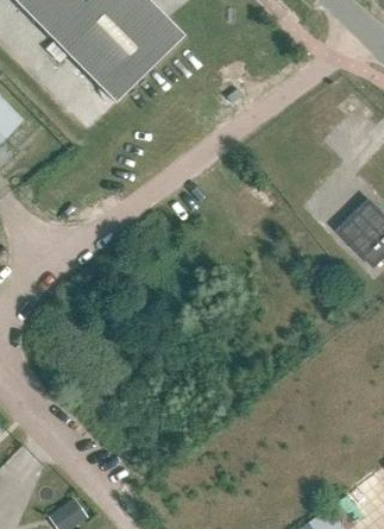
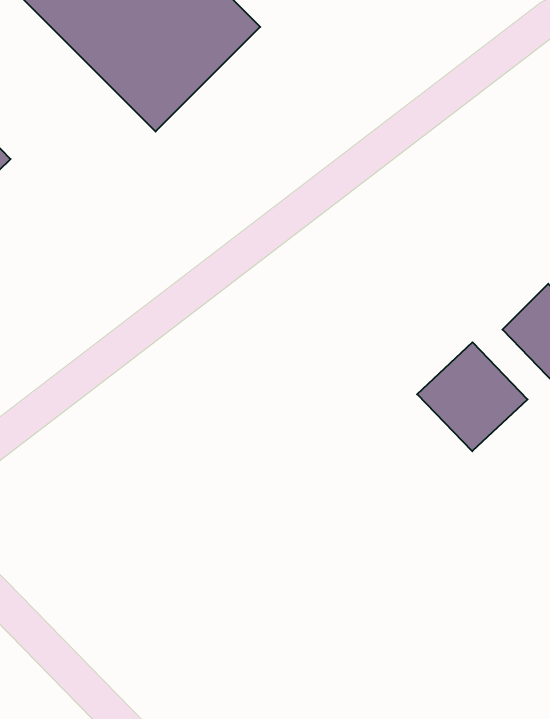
building: none -> [417,342,528,451]

